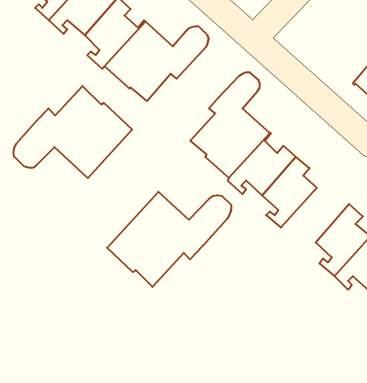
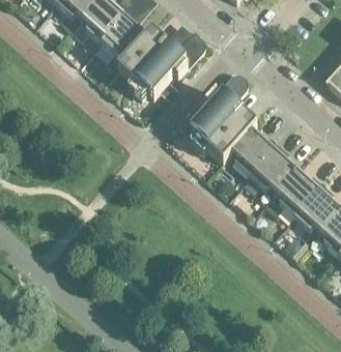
building: [13,86,132,178] -> none
building: none -> [264,168,321,213]
building: [107,192,231,287] -> none

